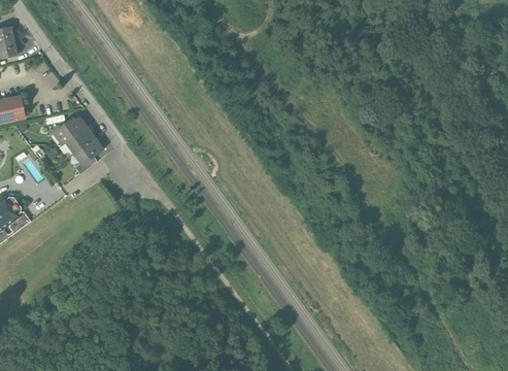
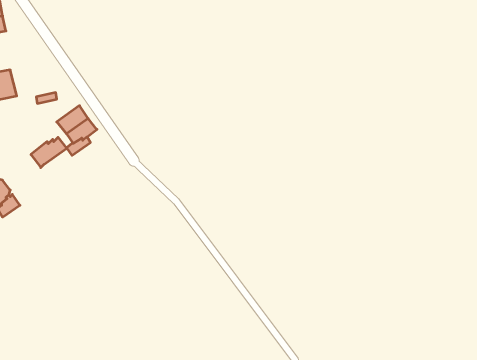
building: [53,116,87,145] -> [31,137,67,168]

